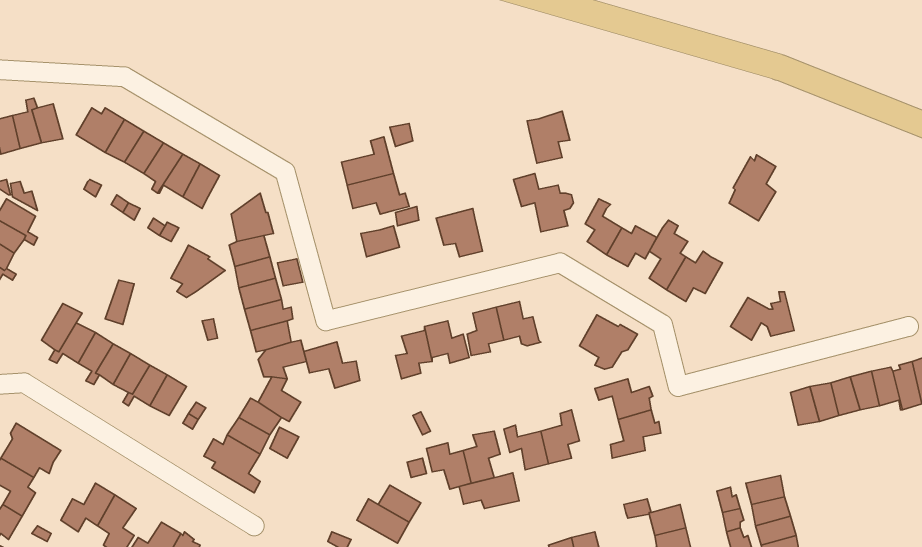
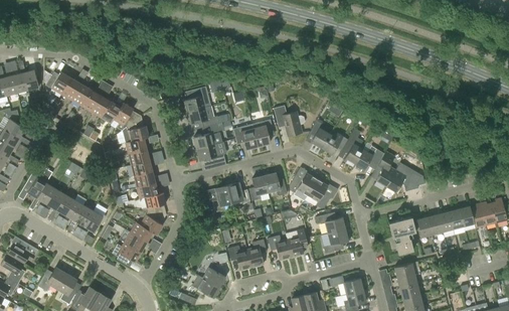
building: [527,111,570,163] -> [252,119,275,146]
building: [729,155,776,221] -> [371,151,395,185]
building: [171,245,225,297] -> [114,103,142,130]
building: none -> [290,172,317,200]
building: [304,342,360,388] -> [197,144,226,168]
building: none -> [389,216,416,254]
building: [459,473,519,509] -> none

